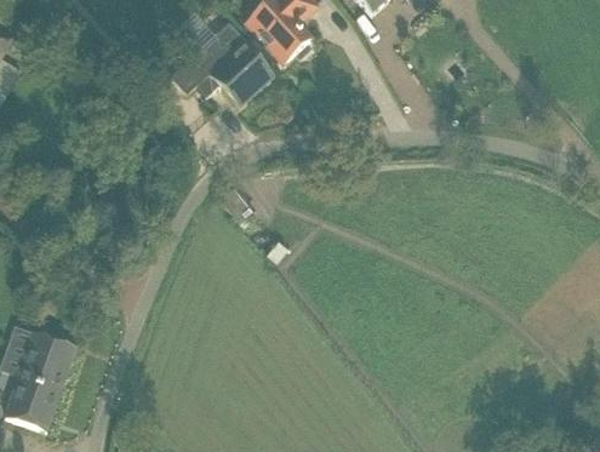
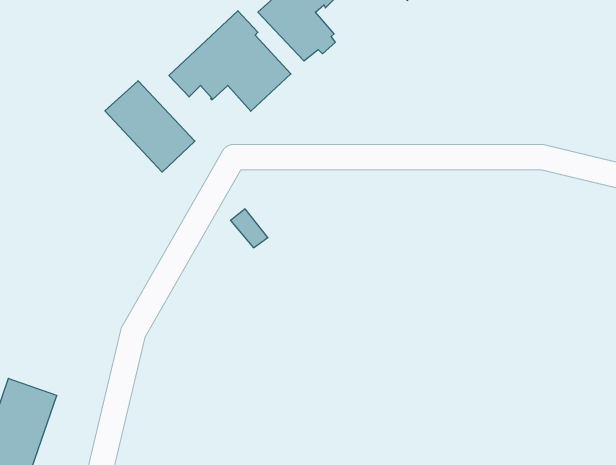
building: none -> [105,81,195,172]

